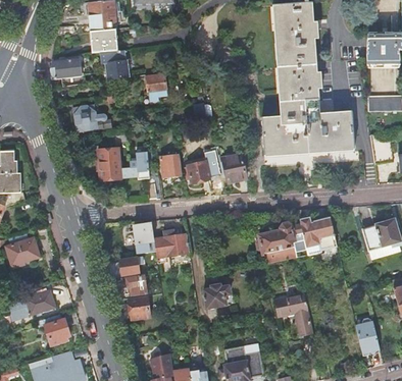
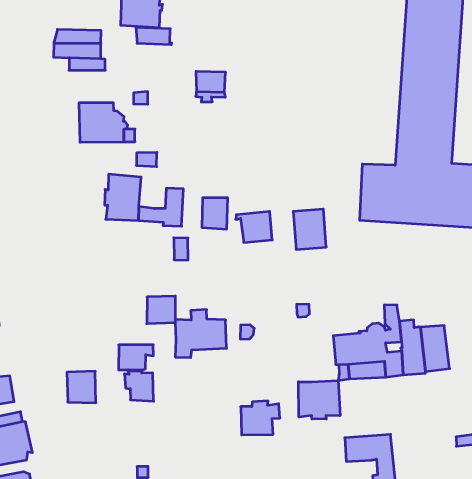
building: [104,59,130,78] -> none
building: none -> [298,380,340,419]
building: [128,295,149,318] -> [67,371,96,403]

